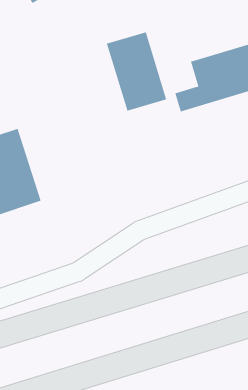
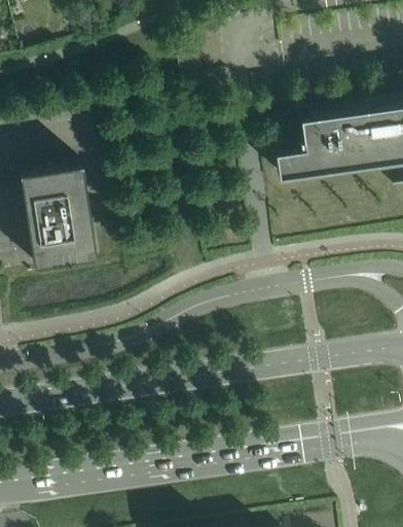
building: [106,31,167,111] -> none

